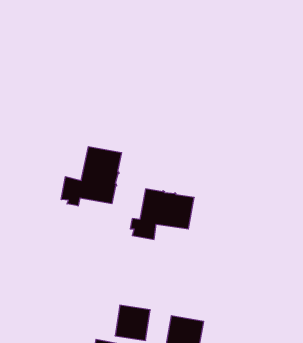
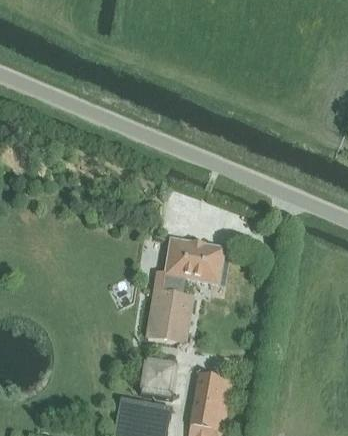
building: [61,147,122,206] -> none
building: none -> [147,287,191,341]

